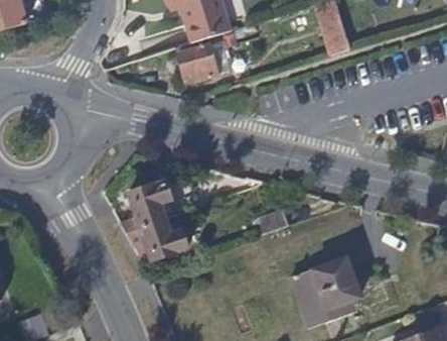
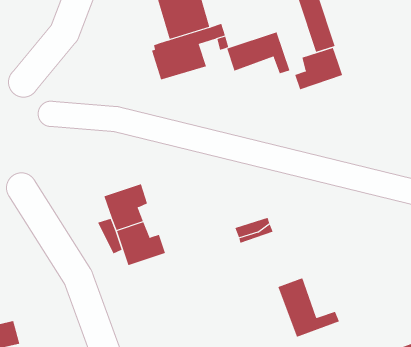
building: none -> [227,32,290,74]
building: none -> [294,47,343,90]
building: [318,259,364,309] -> none

